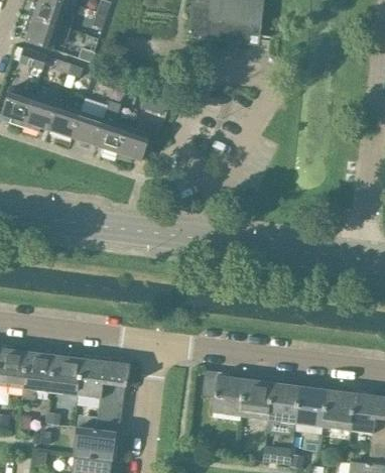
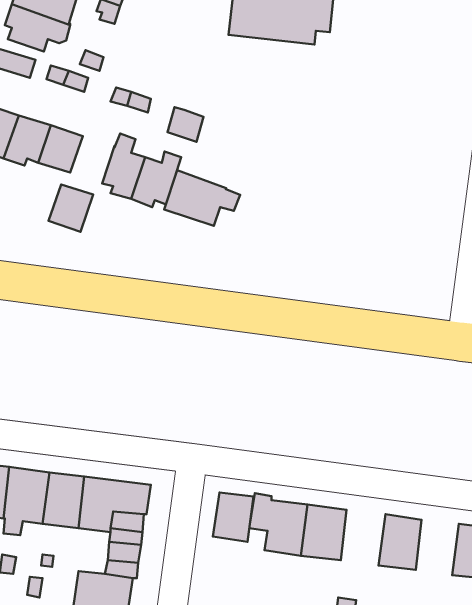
building: [71,111,103,145] -> [49,185,93,232]
building: none -> [164,170,240,226]
building: none -> [213,493,253,542]
building: [267,382,299,423] -> none
building: [322,389,353,430] -> none

